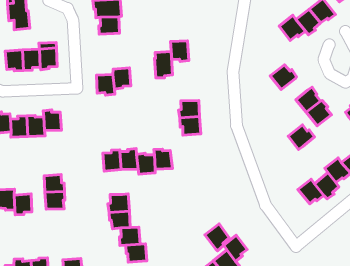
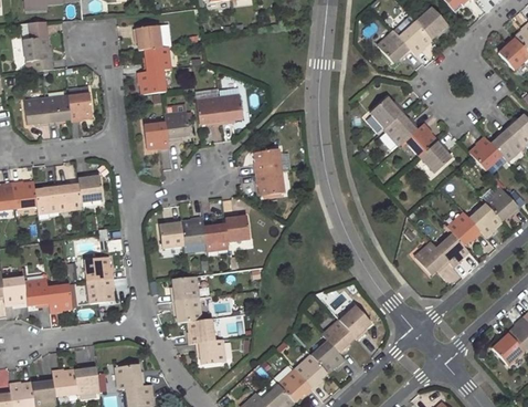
building: none -> [136,69,166,94]
building: [170,41,189,62] -> [196,97,221,125]
building: [288,125,315,149] -> [384,112,419,144]
building: [205,224,229,251] -> [338,304,370,340]

